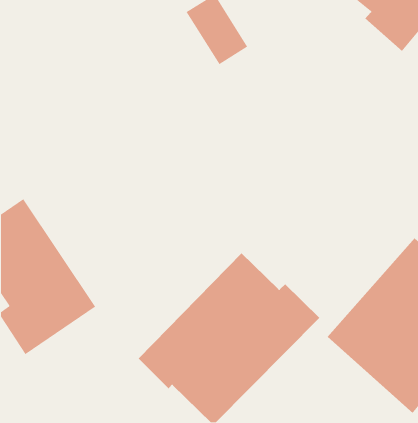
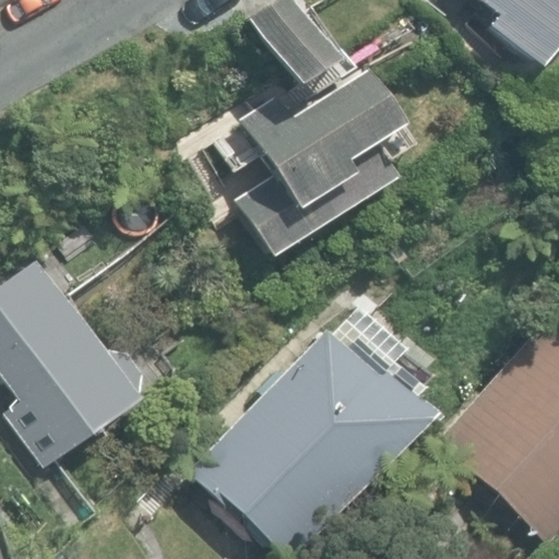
building: none -> [239,67,406,254]

